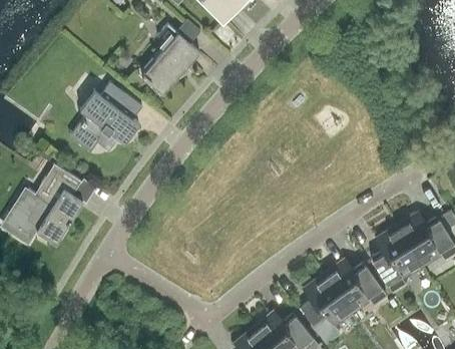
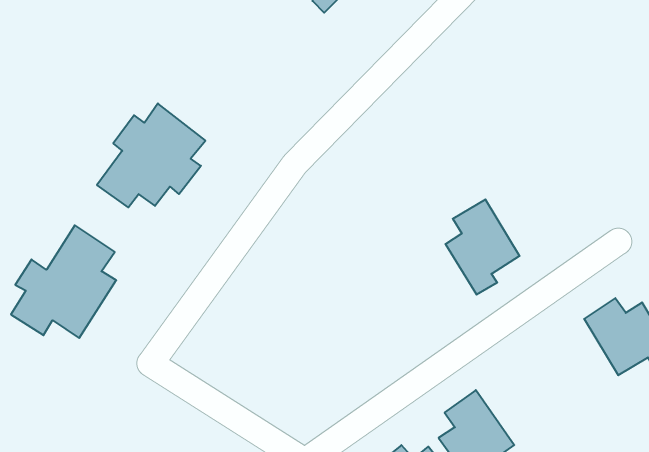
building: [141,23,199,92] -> none
building: [371,227,421,291] -> [445,199,520,295]
building: [325,260,387,312] -> none

